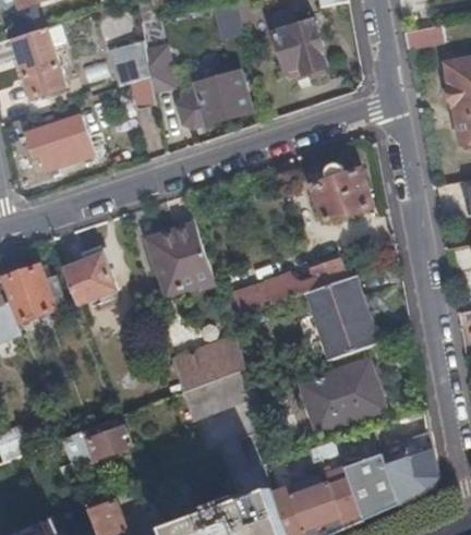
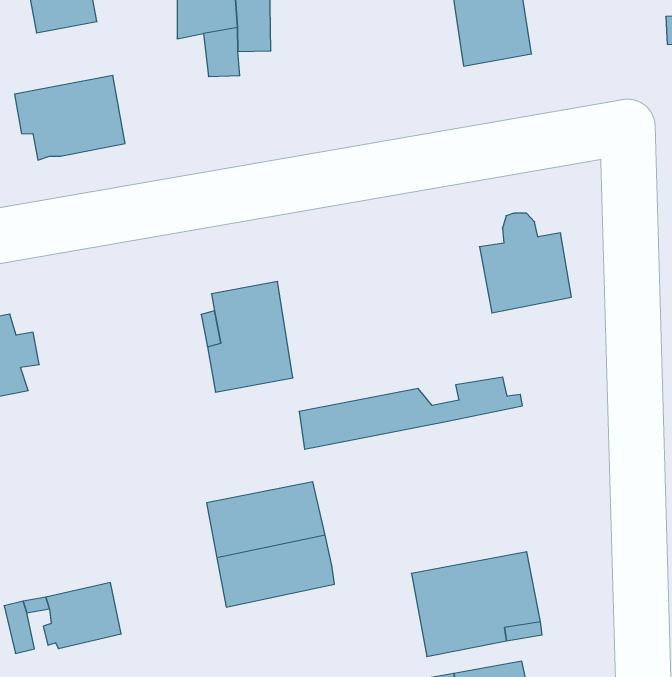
building: [177,71,249,126] -> none
building: [64,253,117,305] -> none
building: [306,276,370,358] -> none

